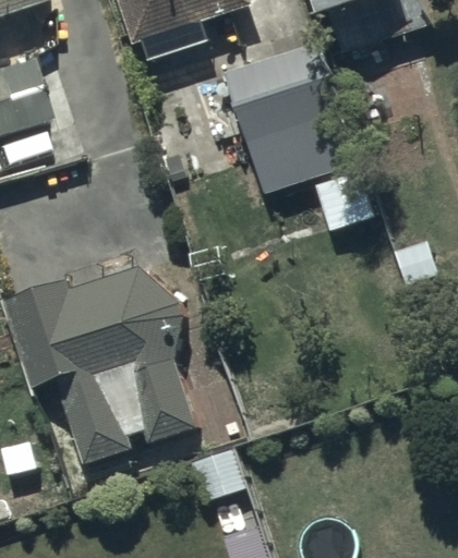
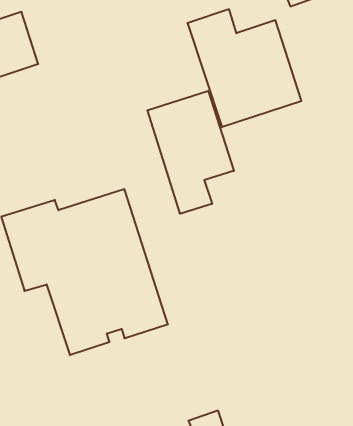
building: none -> [147,91,234,214]

